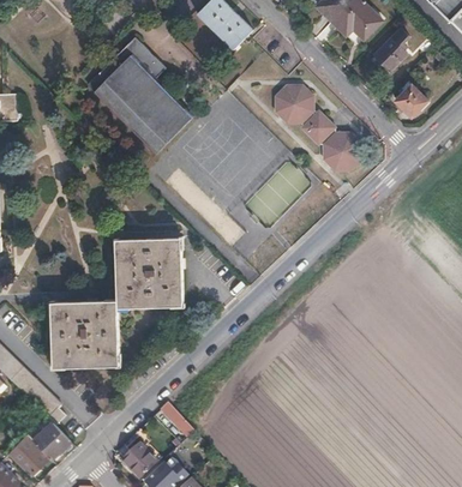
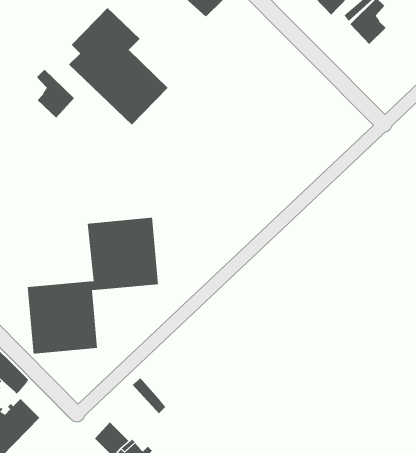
building: [271,80,359,168] -> none
building: [394,82,427,115] -> none
building: none -> [36,69,75,119]

